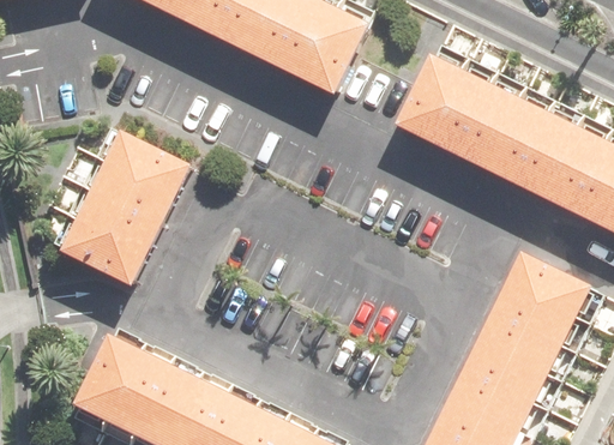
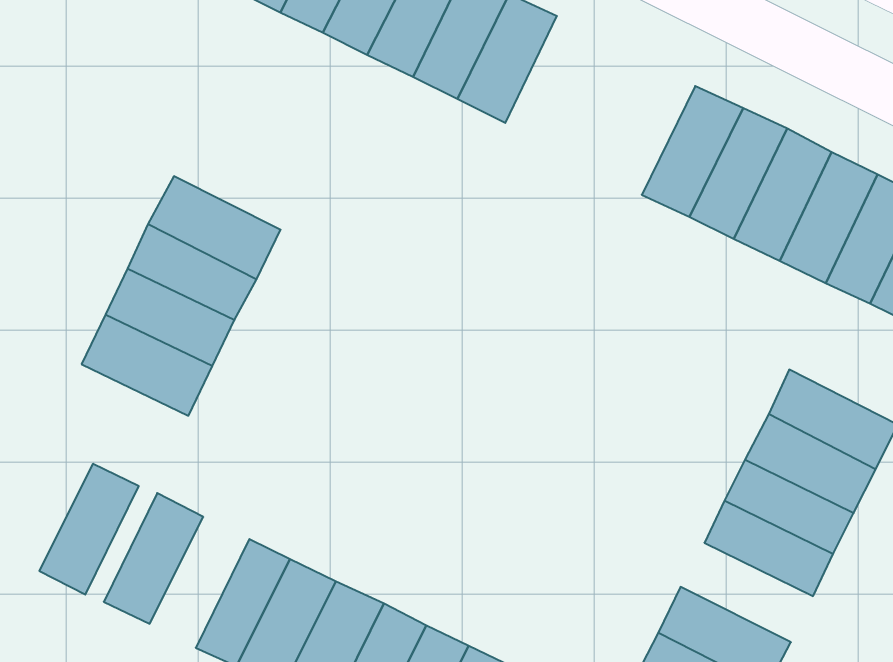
building: [392,53,458,139] -> none
building: [103,349,168,434] -> [39,464,139,595]
building: [449,366,535,431] -> none

